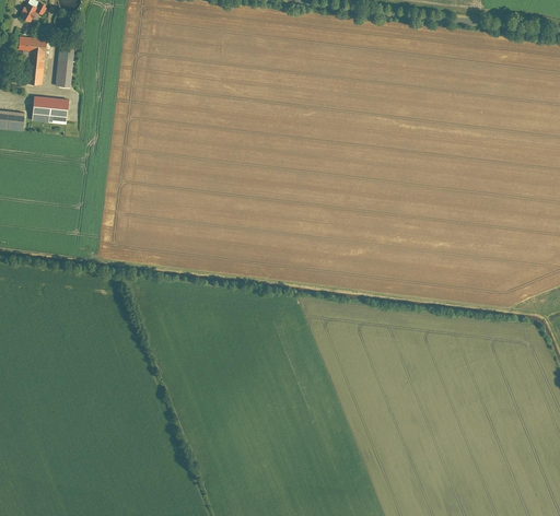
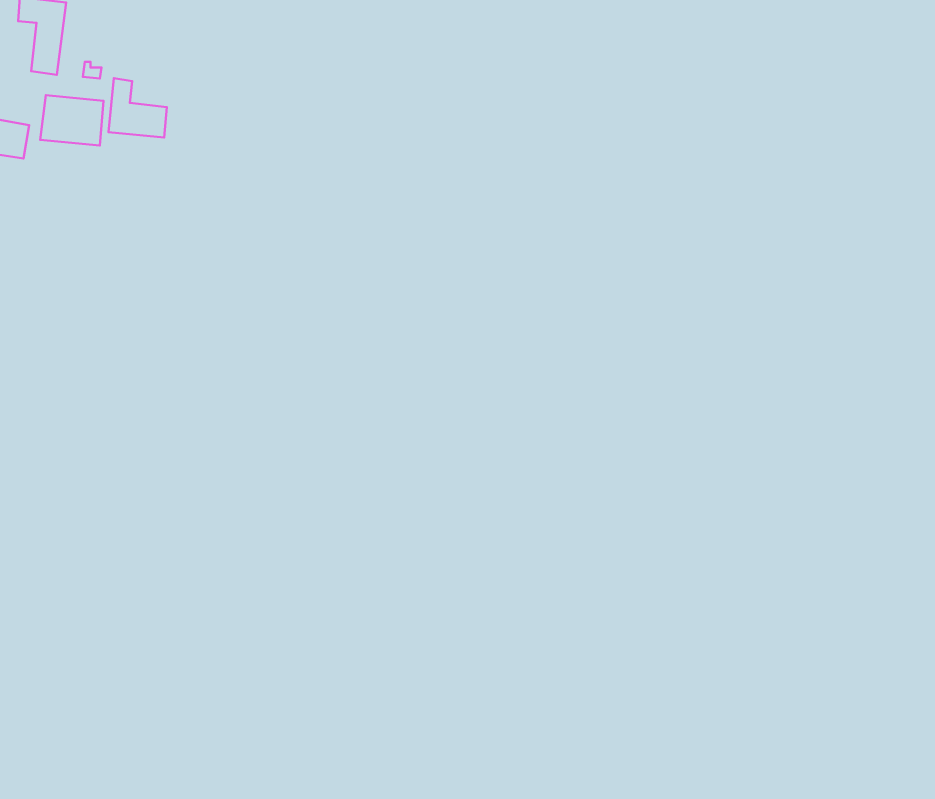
building: none -> [109,78,167,137]

